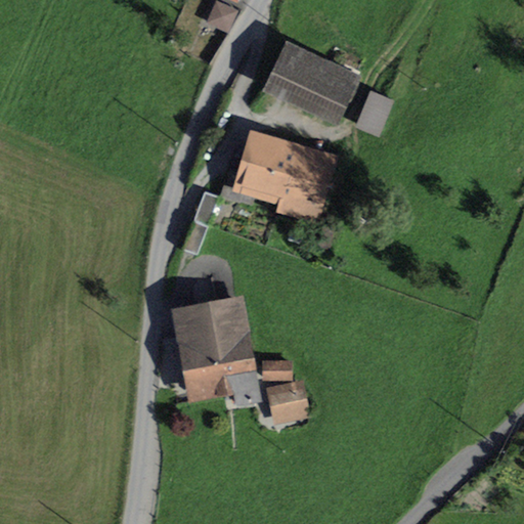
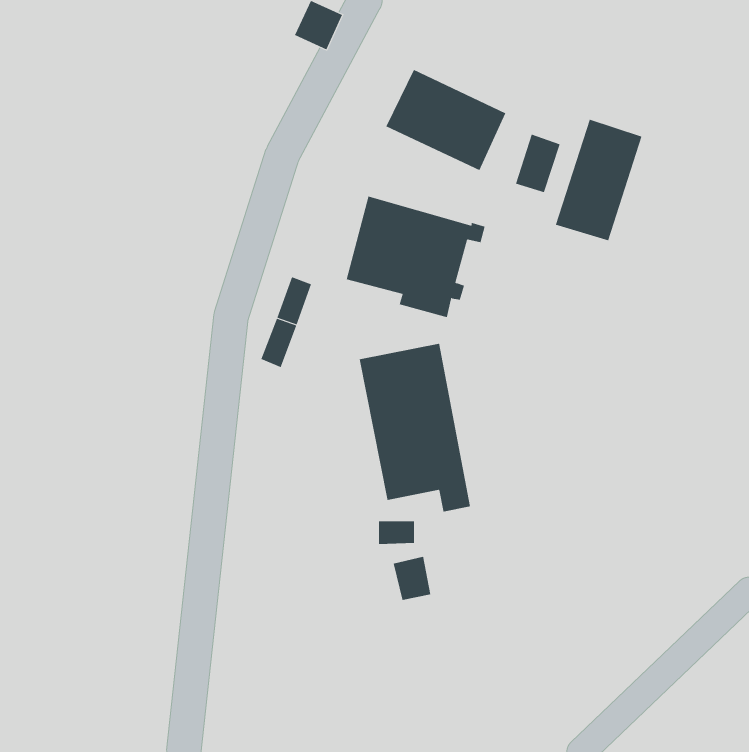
building: none -> [555,119,642,241]
building: [176,286,254,403] -> [359,343,471,512]

